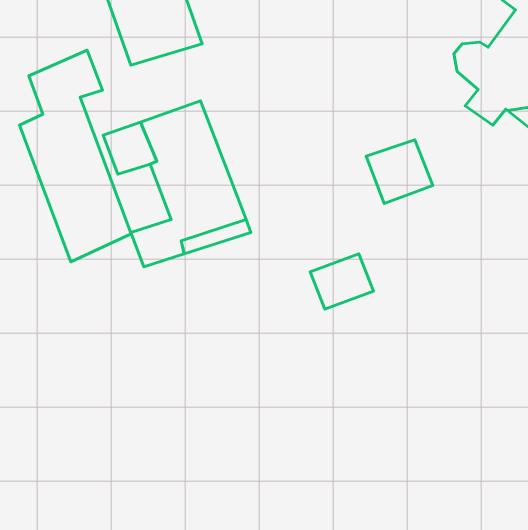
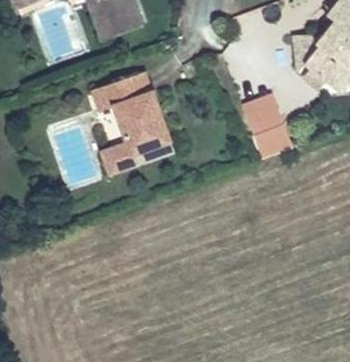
building: [20,50,131,262] -> none
building: [310,254,374,309] -> [256,119,296,153]

